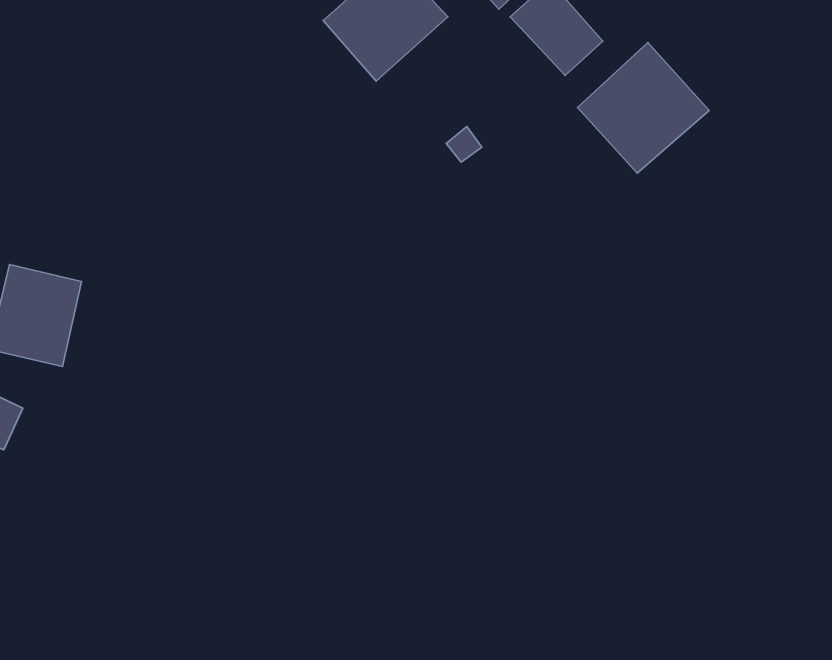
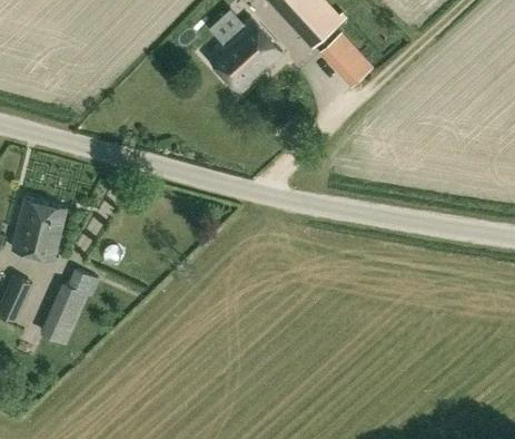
building: [577,43,709,173] -> none
building: none -> [42,270,97,342]

